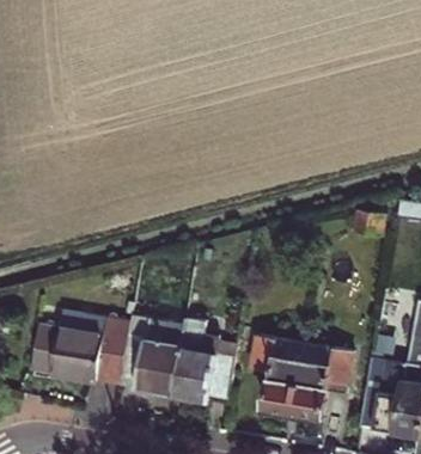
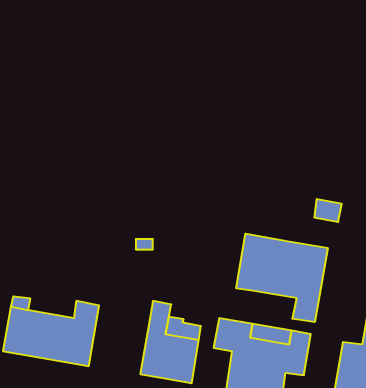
building: none -> [236,234,328,322]
building: [118,317,184,395] -> none

